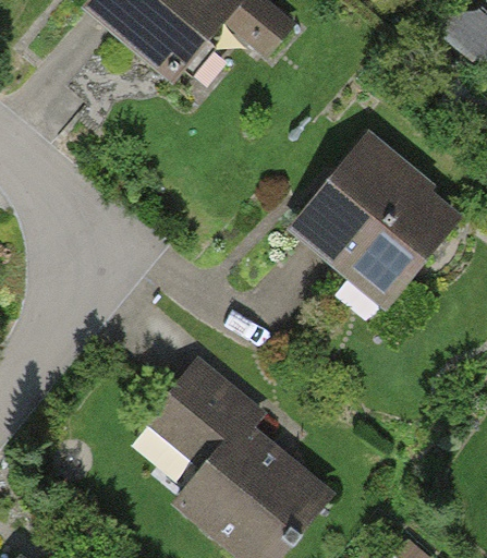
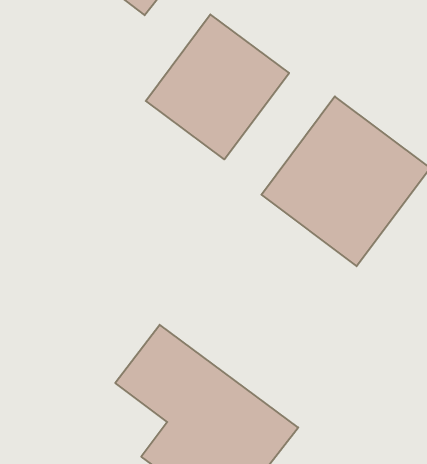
building: none -> [146,14,289,159]

